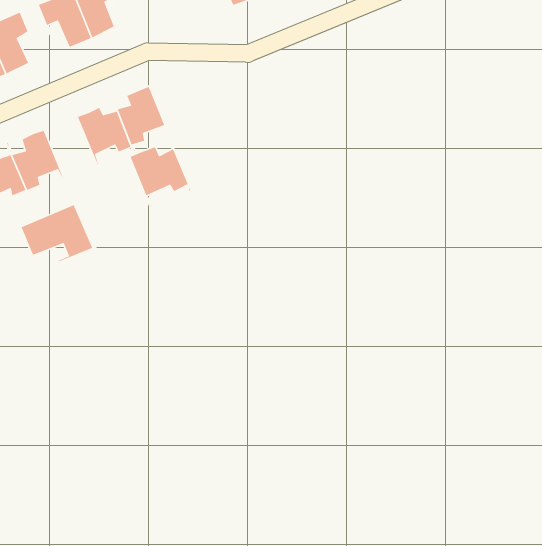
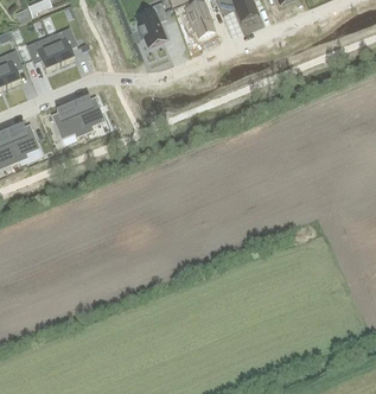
building: [130,137,192,208] -> none
building: [21,204,96,262] -> none

